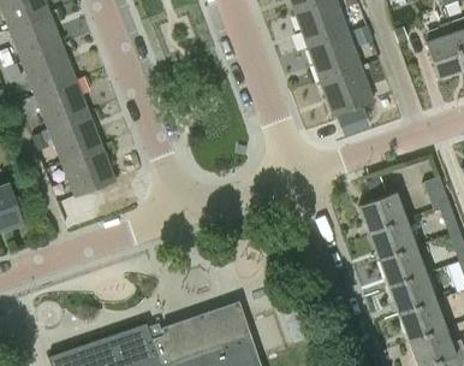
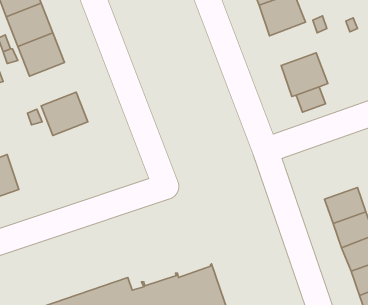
building: [308,34,361,83] -> none
building: [35,79,88,129] -> none
building: [61,147,114,196] -> none
building: [359,194,408,235] -> none

